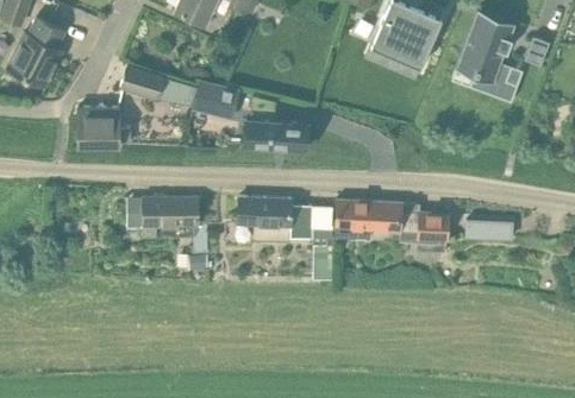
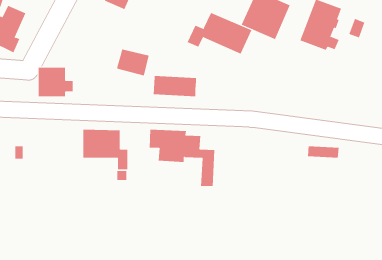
building: none -> [187,12,252,55]
building: [119,65,198,108] -> none
building: [335,201,449,241] -> none

